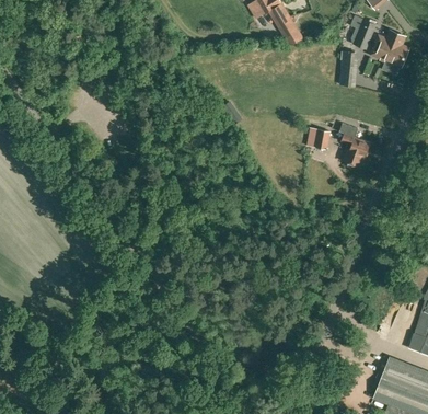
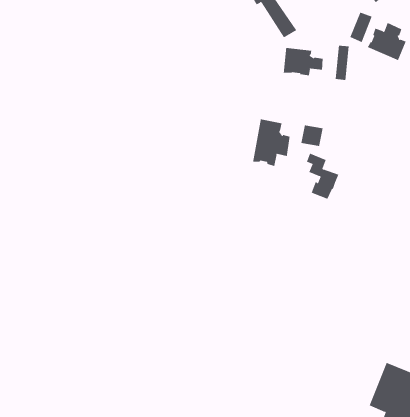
building: none -> [283,47,323,76]
building: none -> [253,119,290,167]
building: [338,124,370,169] -> [306,153,339,200]

